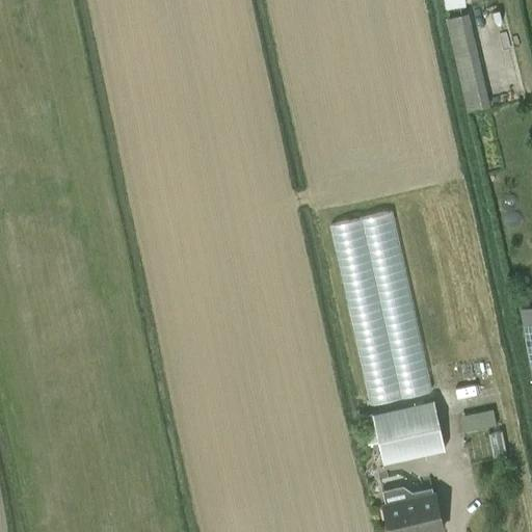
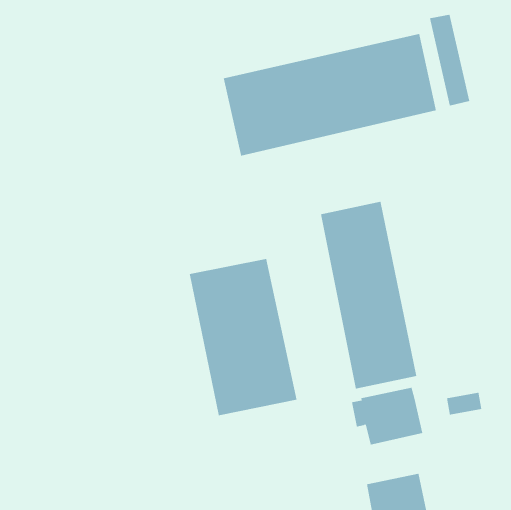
building: none -> [223,33,437,157]
building: none -> [189,258,297,416]

